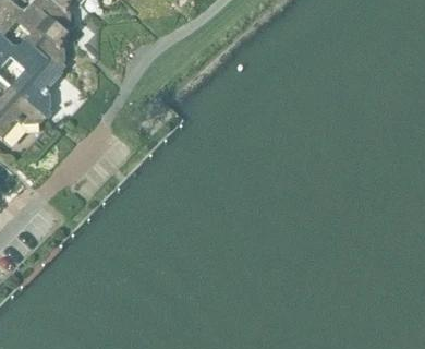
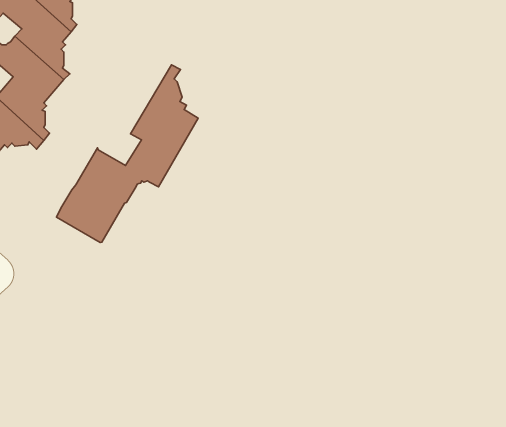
building: none -> [56,65,198,243]

